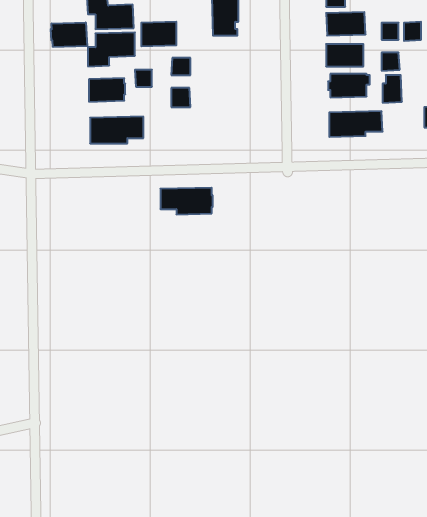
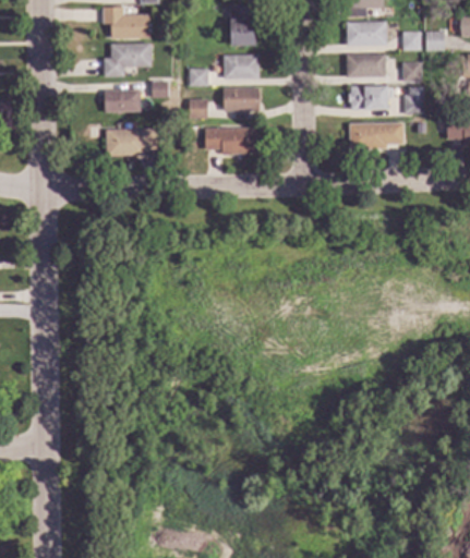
building: [141,22,176,46] -> [222,53,258,78]
building: [51,22,87,47] -> none
building: none -> [222,86,258,110]
building: [160,188,213,214] -> [204,126,257,154]

